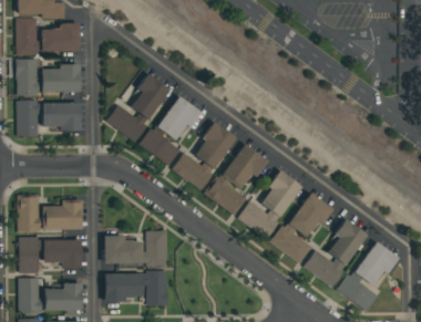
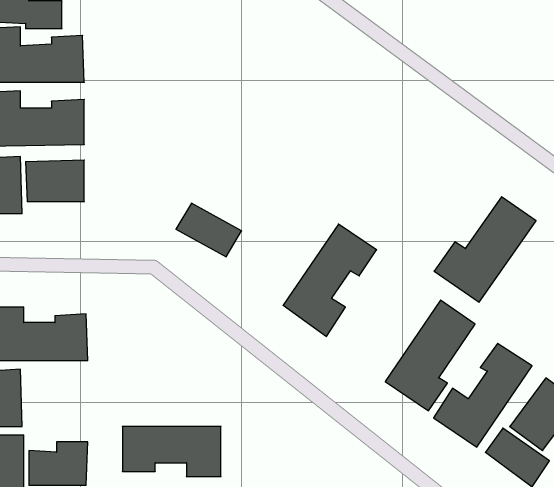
building: [106,74,170,142] -> none
building: [156,96,201,141] -> none
building: [172,123,236,190] -> none
building: [237,172,302,239] -> [434,197,536,302]
building: [104,231,166,264] -> none
building: [43,240,82,268] -> none

